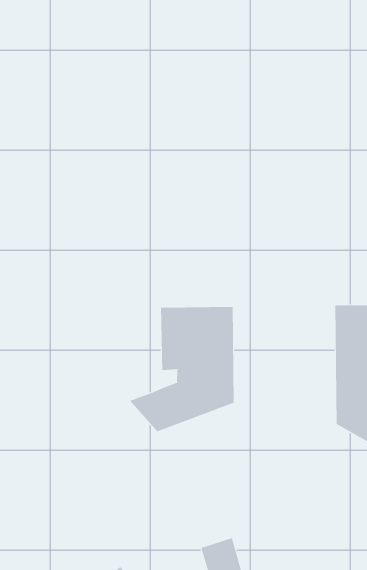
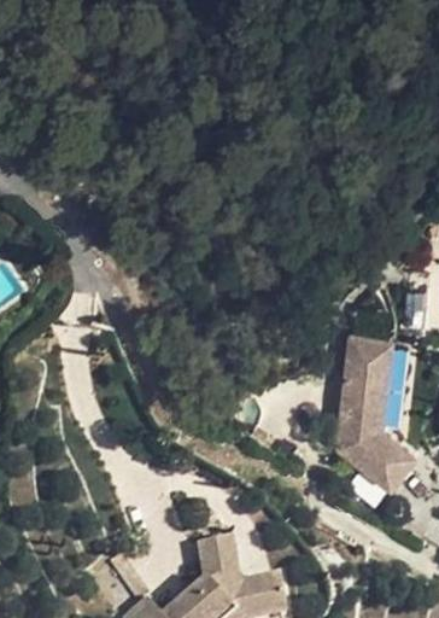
building: [129,306,234,432] -> none

